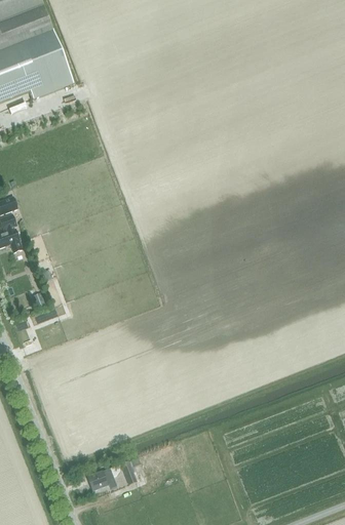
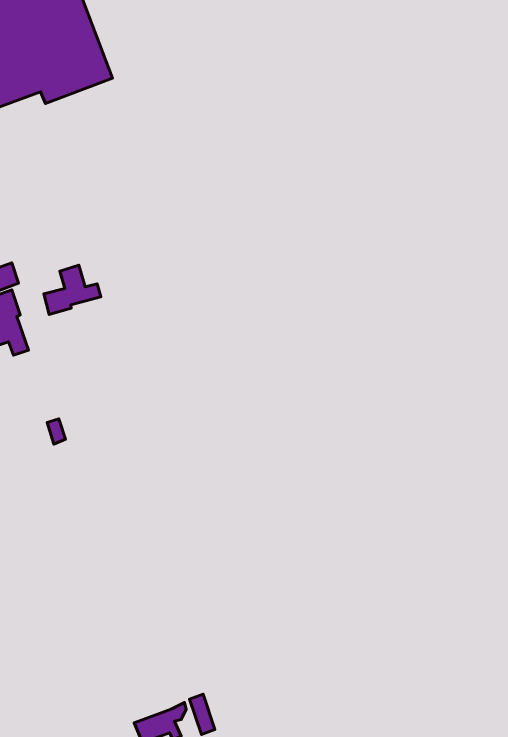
building: none -> [44,265,101,314]

